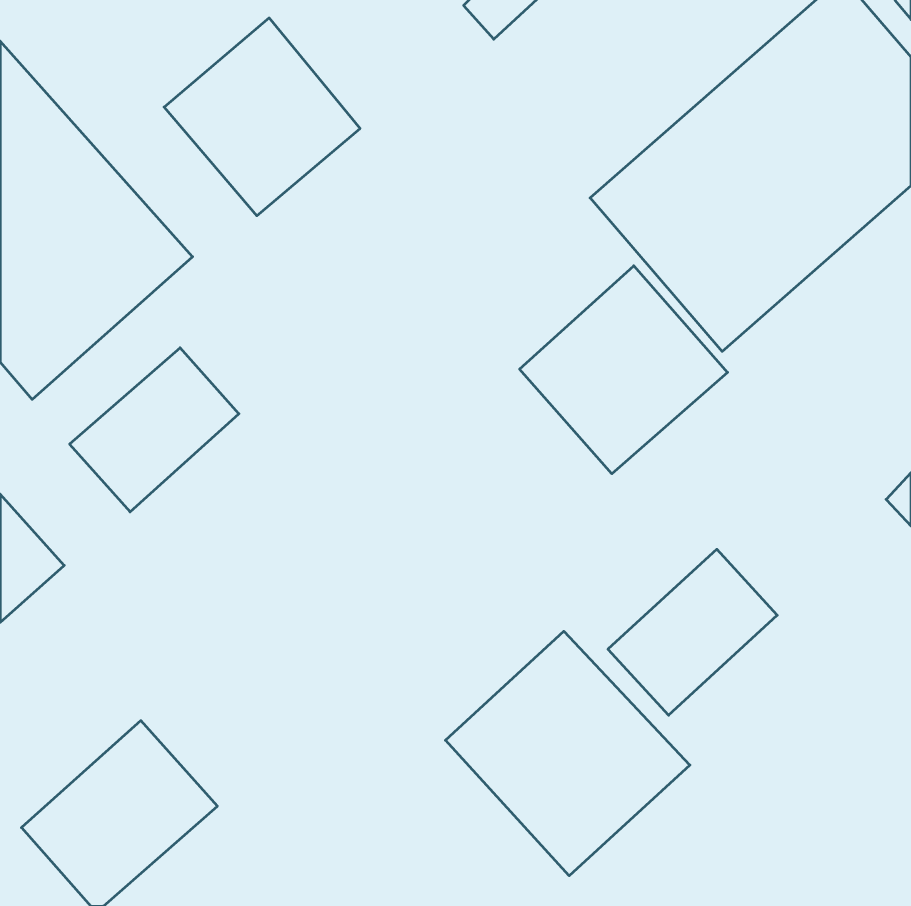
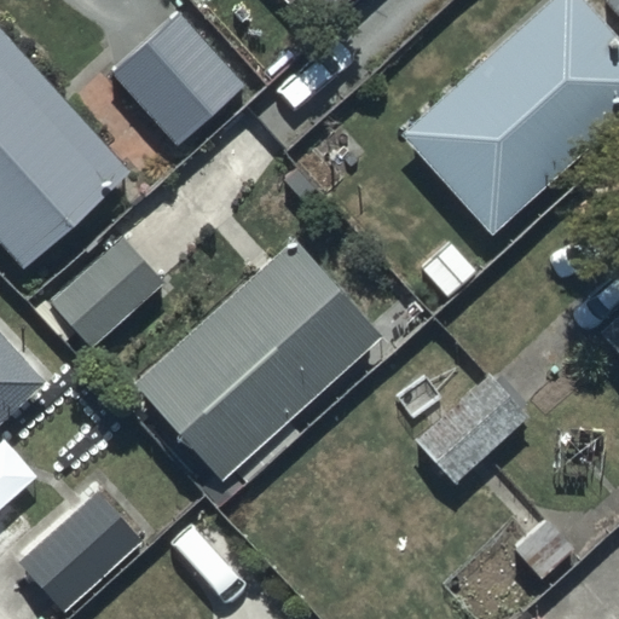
building: [520,266,728,474] -> none
building: none -> [133,239,381,481]
building: [445,631,690,876] -> none

